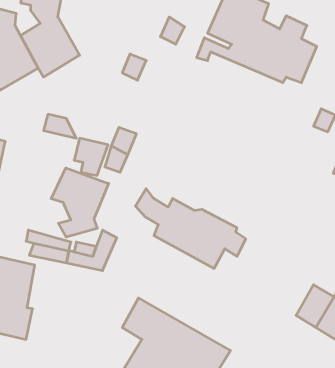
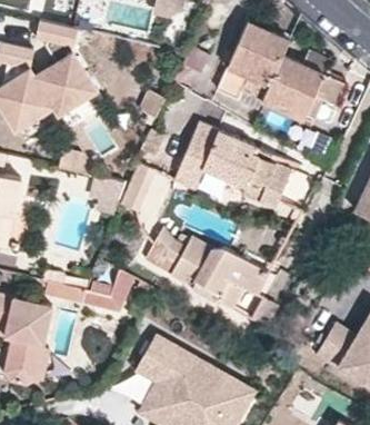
building: none -> [176,123,292,208]
building: [51,168,109,237] -> none

